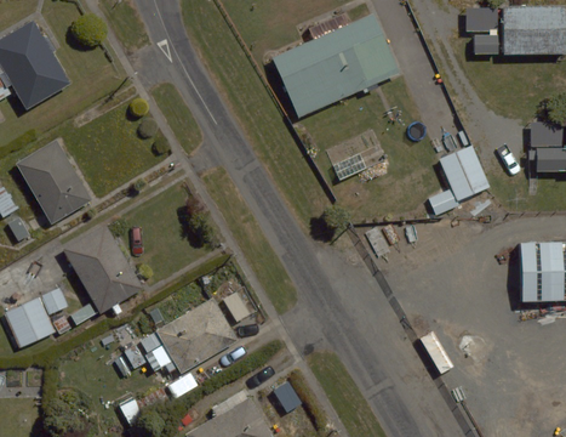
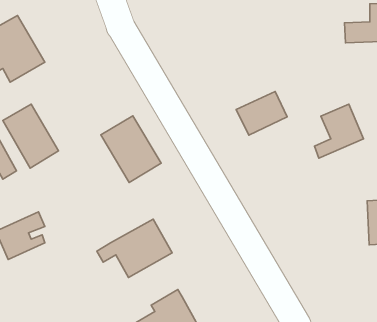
building: [271,11,404,118] -> none
building: [63,223,143,312] -> [101,116,161,182]

